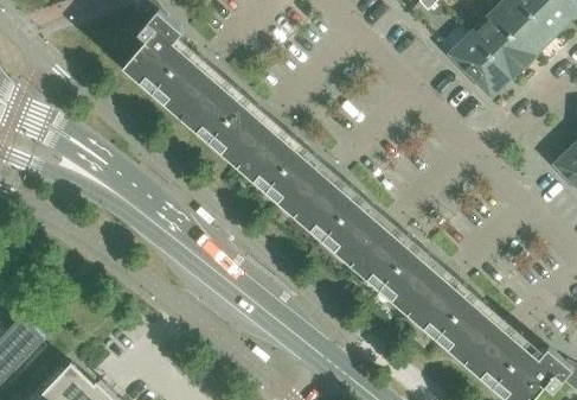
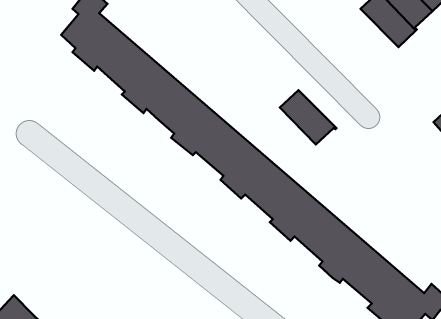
building: [448,33,513,96] -> [280,90,336,145]

